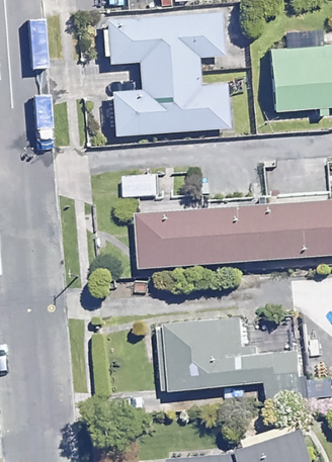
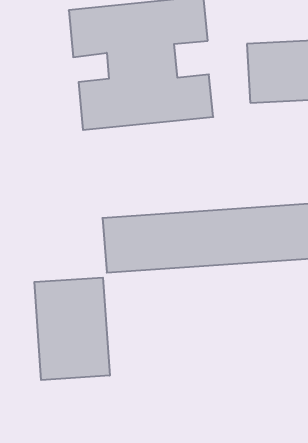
building: none -> [34,278,110,380]
building: [166,321,303,404] -> none

